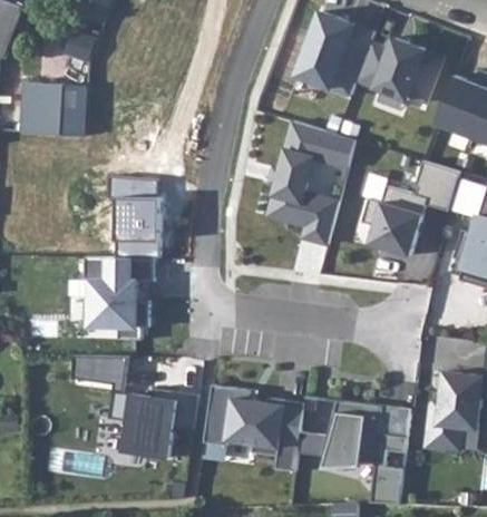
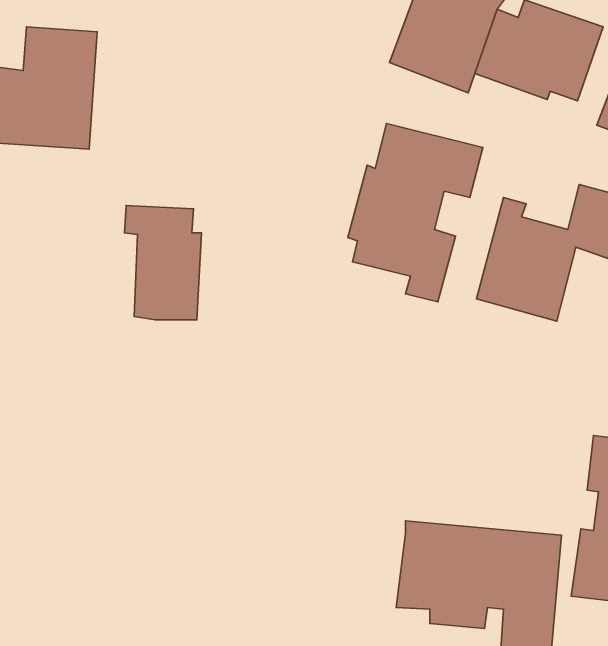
building: [69,255,138,330] -> none
building: [67,354,192,461] -> none
building: [202,383,305,472] -> none

